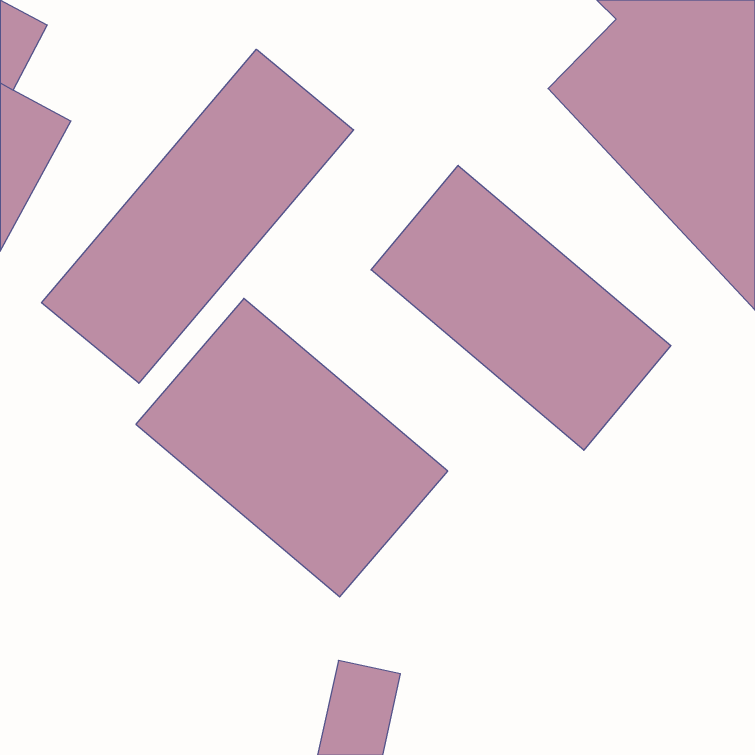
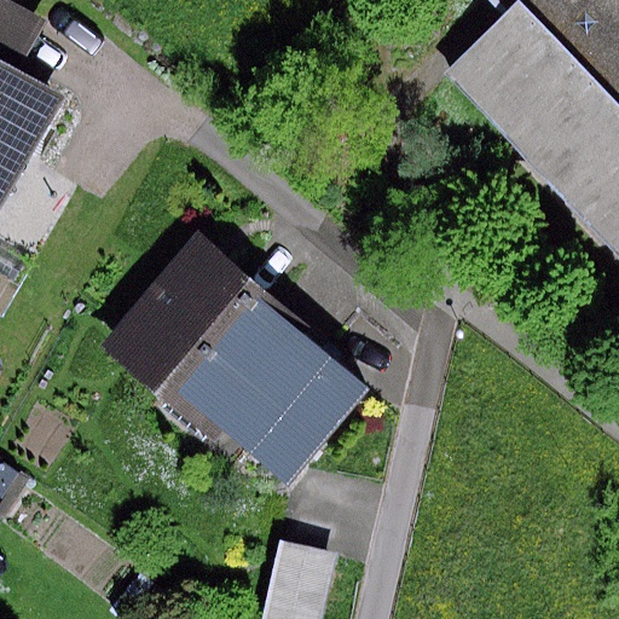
building: [42,49,354,383] -> none
building: [371,165,671,450] -> none

